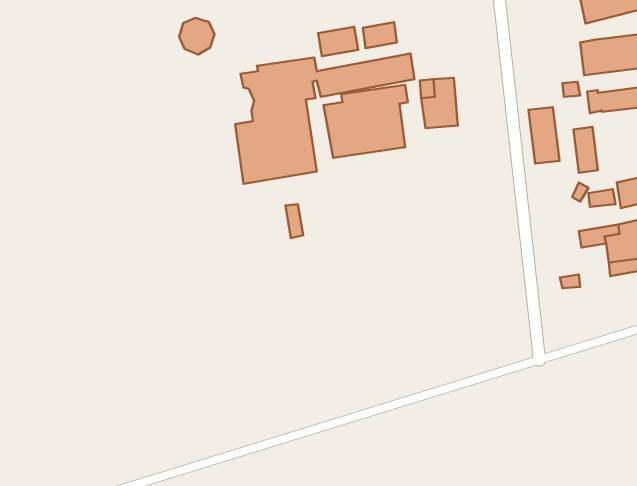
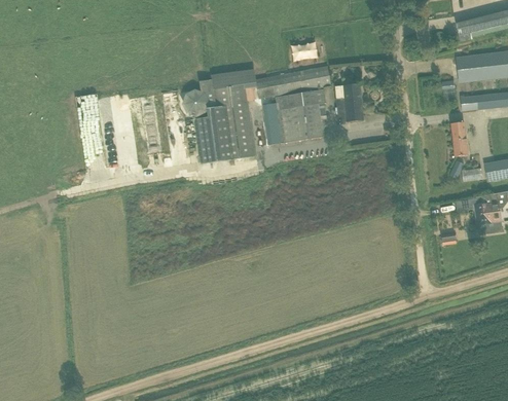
building: [179,18,214,54] -> [182,89,209,117]
building: [318,27,358,56] -> none
building: [529,107,559,163] -> none

